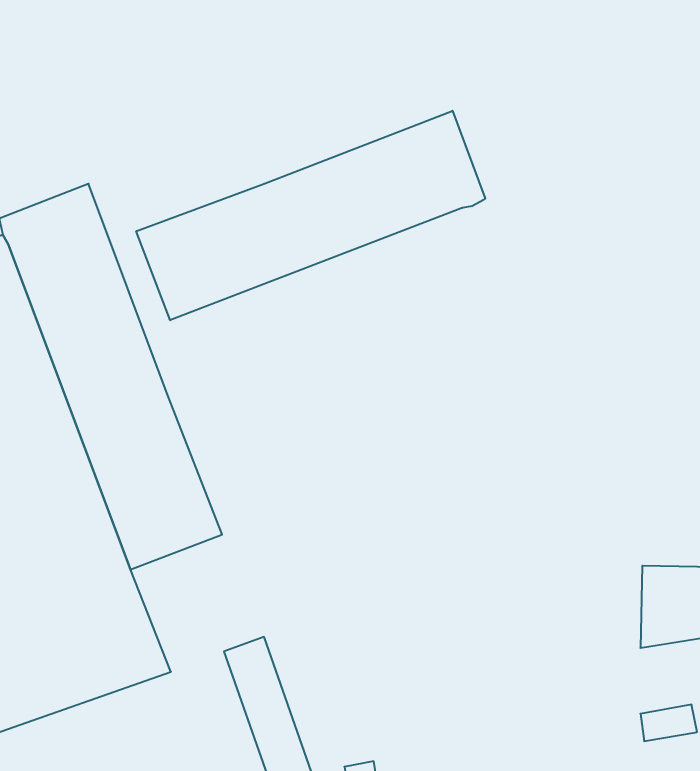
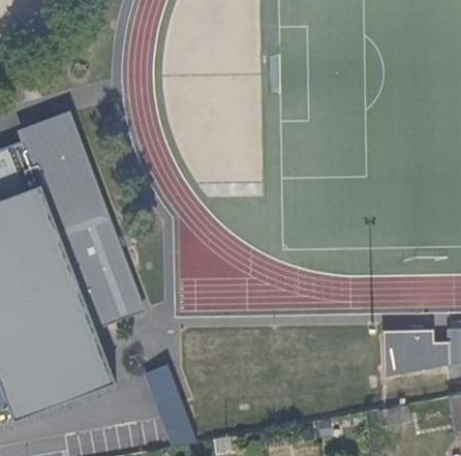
building: [136,111,485,320] -> none

